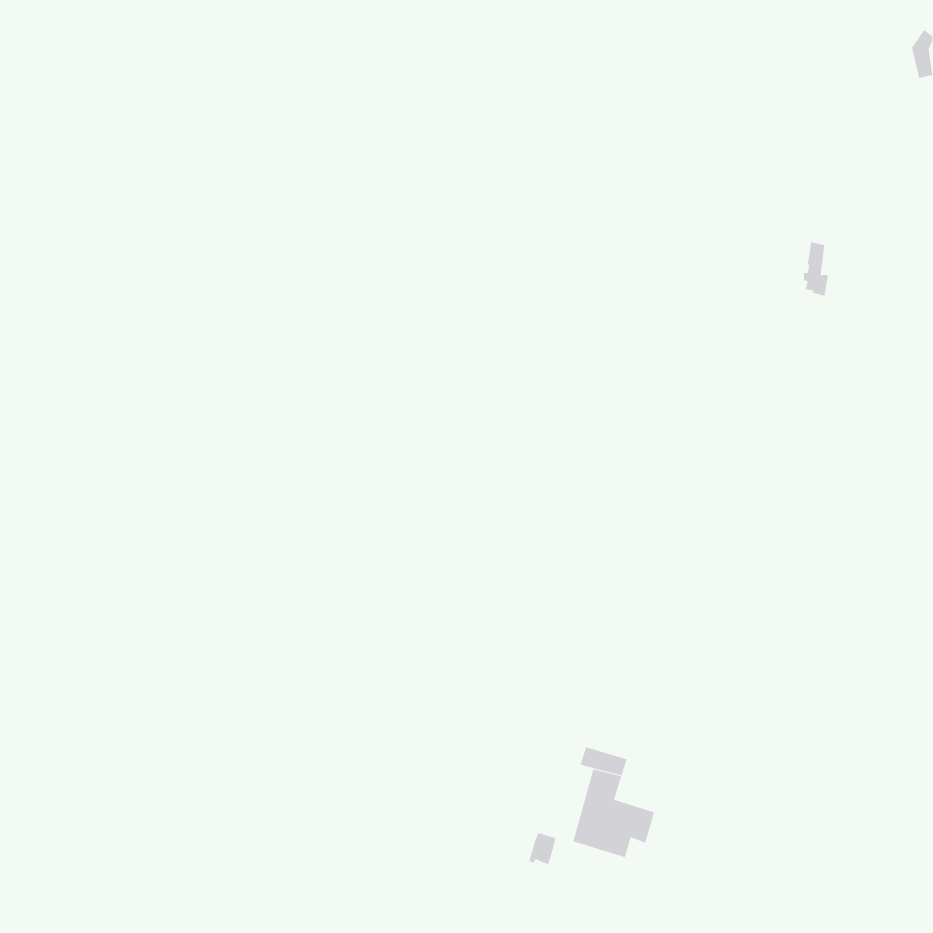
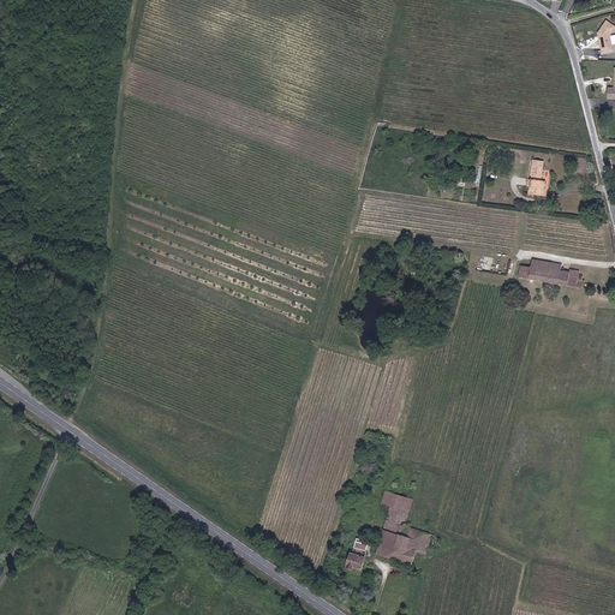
building: none -> [518,258,591,289]

